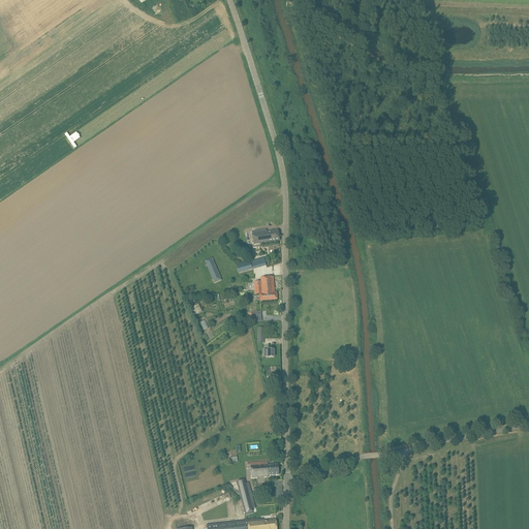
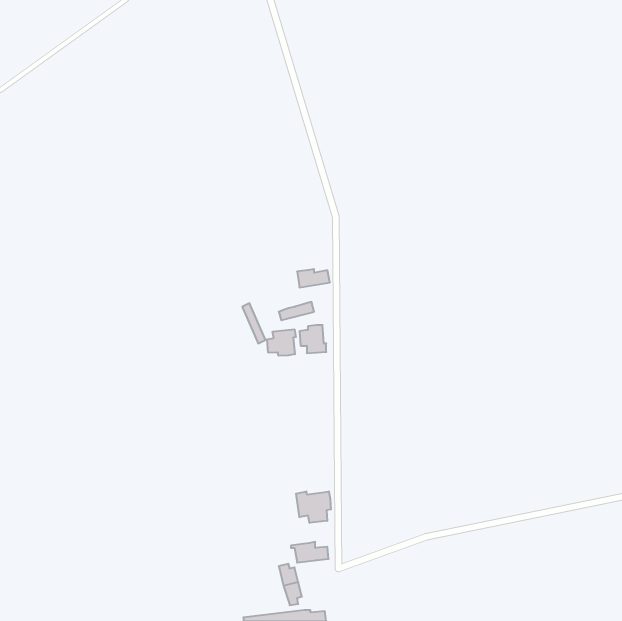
building: none -> [267,329,296,356]
building: none -> [296,491,331,523]

